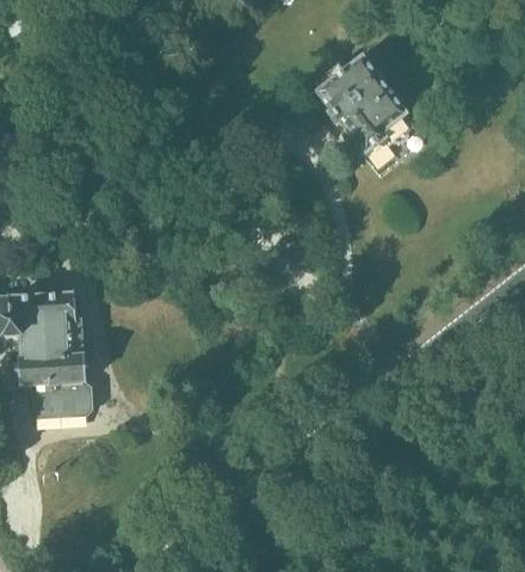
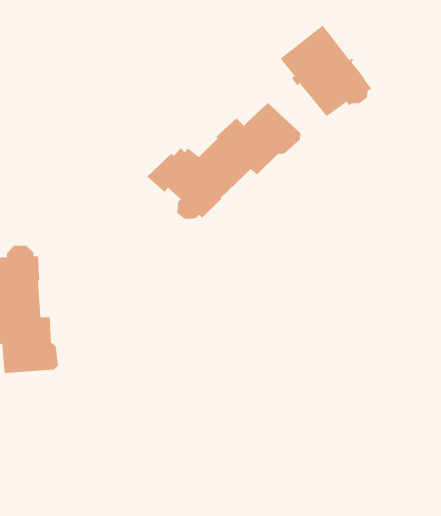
building: none -> [146,102,301,220]

